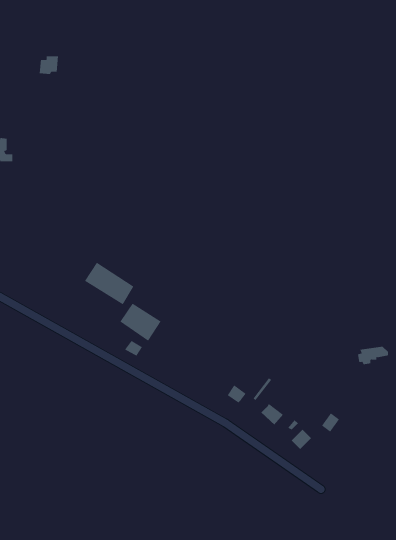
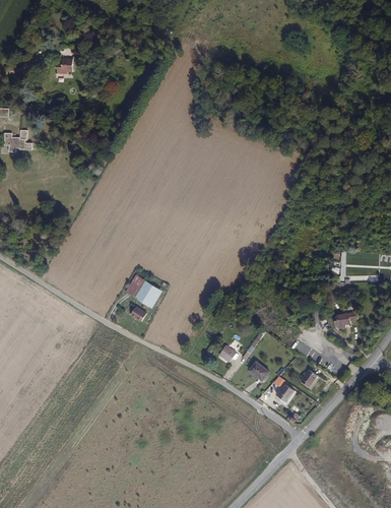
building: [84,262,134,305] -> none

